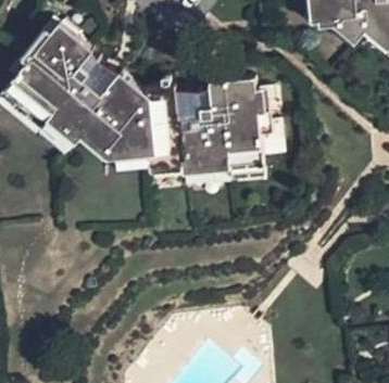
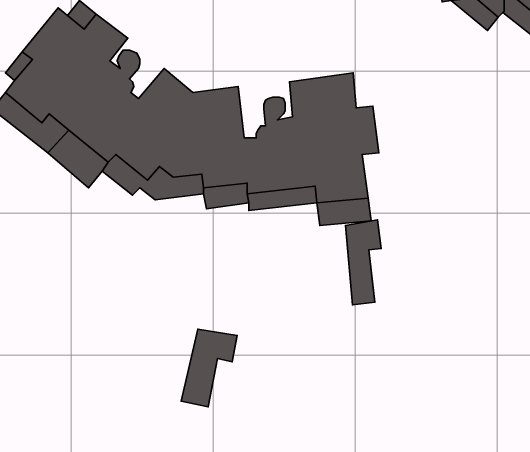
building: none -> [346,220,381,305]
building: none -> [181,329,237,407]

